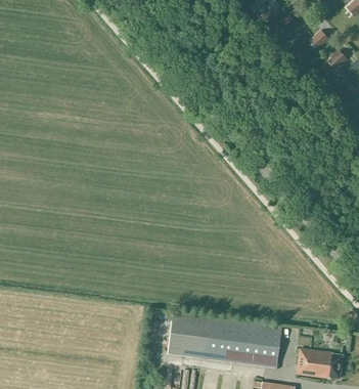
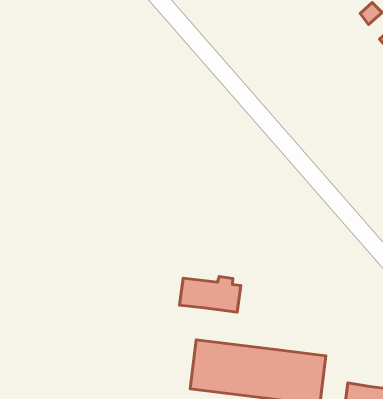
building: none -> [179,276,241,312]

